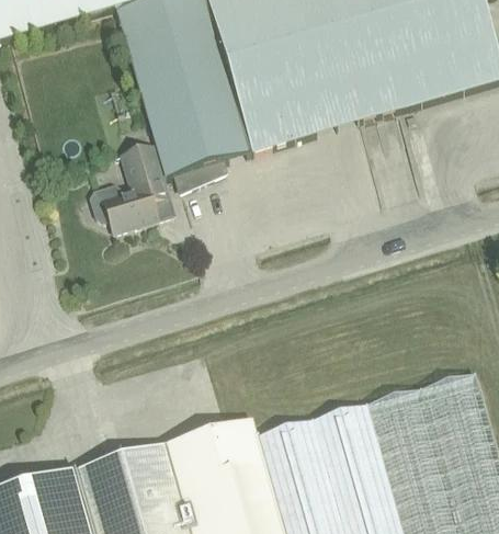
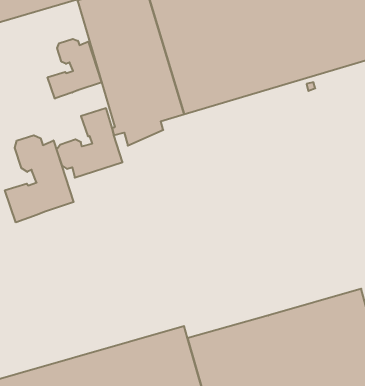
building: none -> [48,39,101,99]
building: none -> [5,135,74,222]

